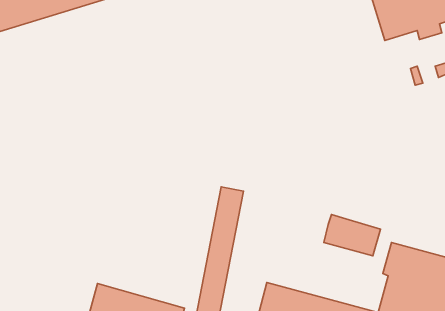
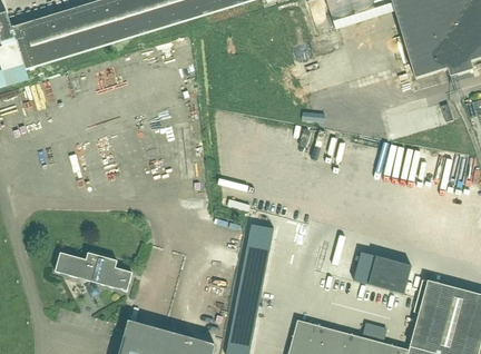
building: none -> [56,250,132,289]

